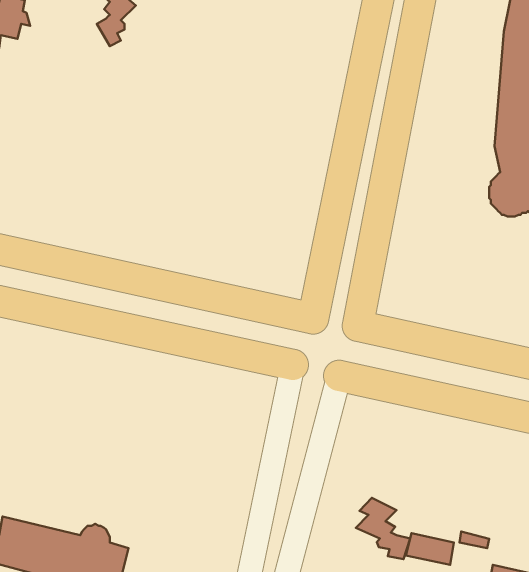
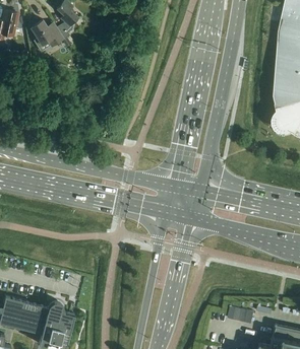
building: none -> [29,20,62,49]
building: [356,498,410,559] -> none

